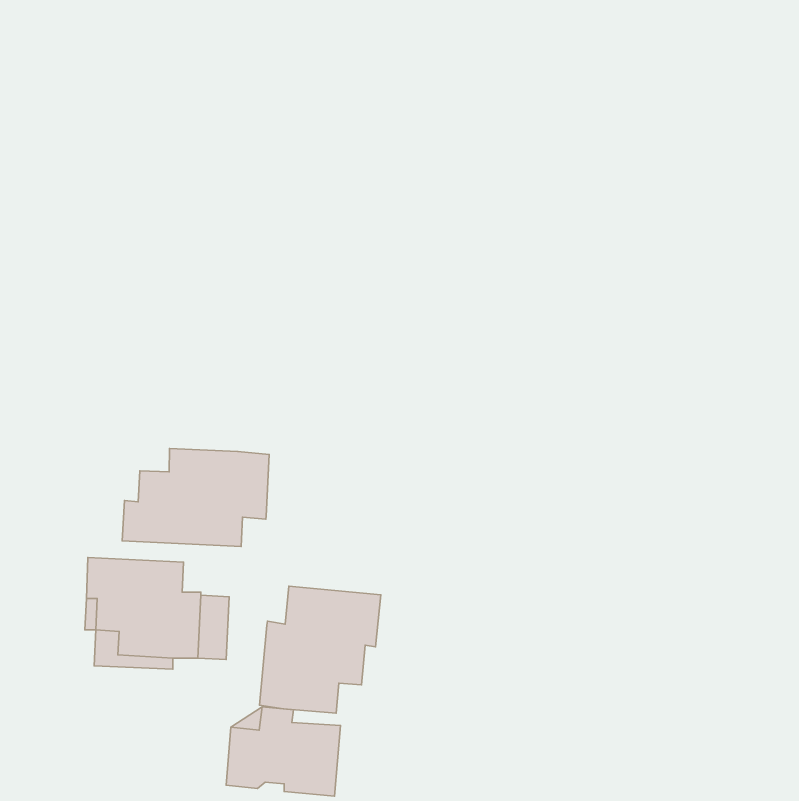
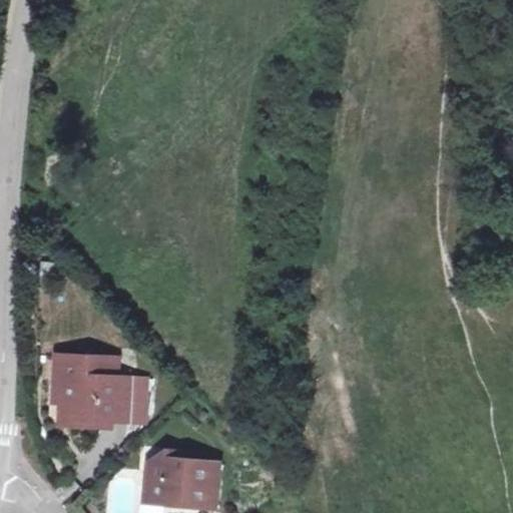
building: [122,449,269,547] -> none
building: [259,586,381,713] -> none

